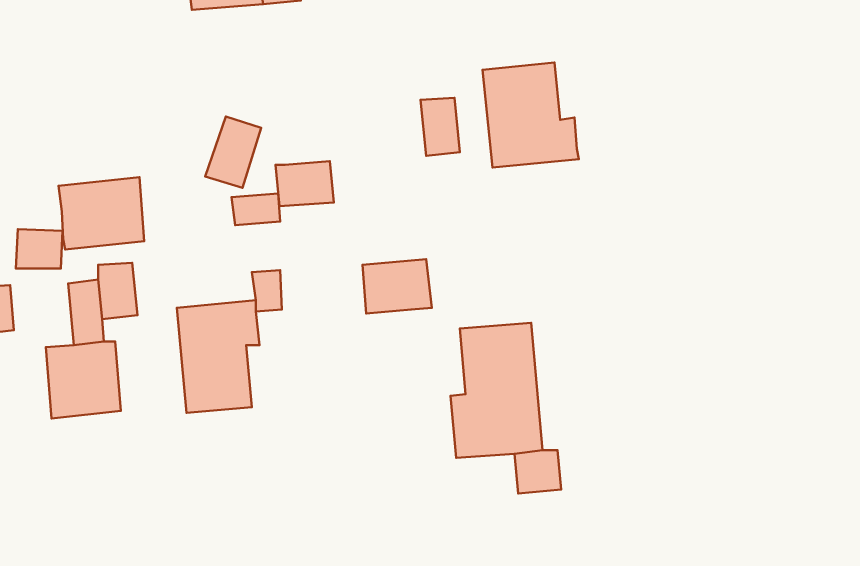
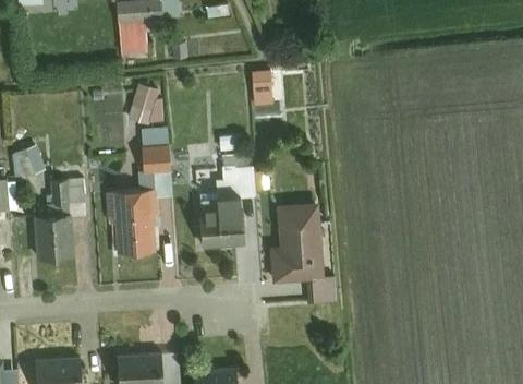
building: none -> [118,22,146,56]
building: [483,63,579,167] -> none
building: [276,161,334,206] -> [138,145,172,171]
building: [59,177,144,249] -> none
building: none -> [197,196,250,248]

